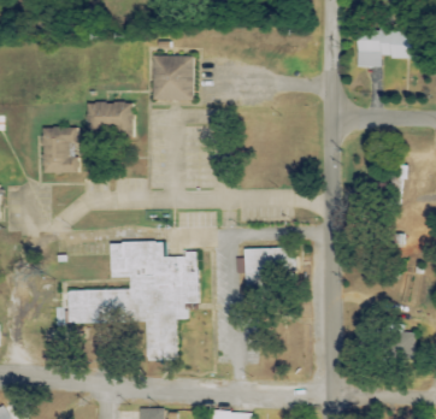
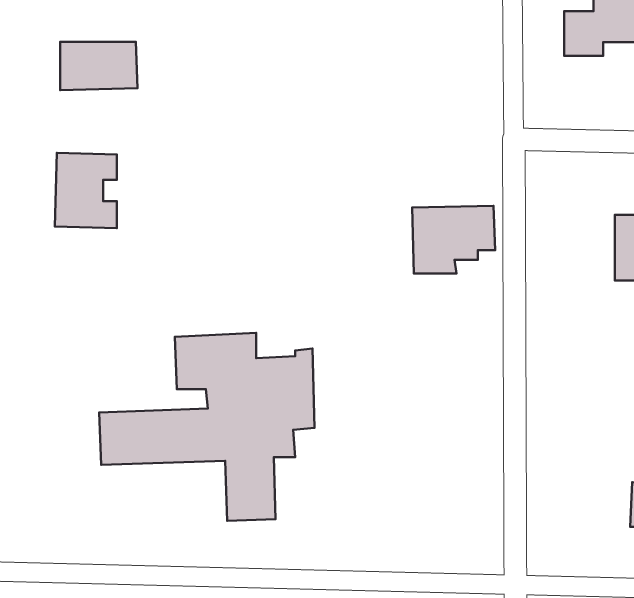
building: [152,57,194,101] -> none
building: [88,104,136,134] -> [60,42,138,90]
building: [243,248,295,290] -> [412,206,495,274]

